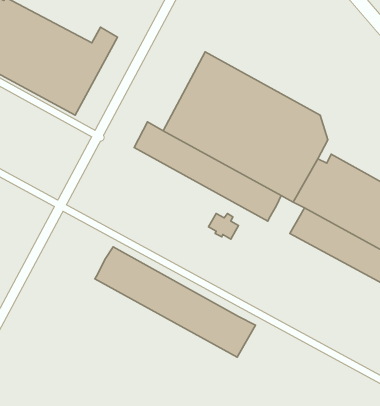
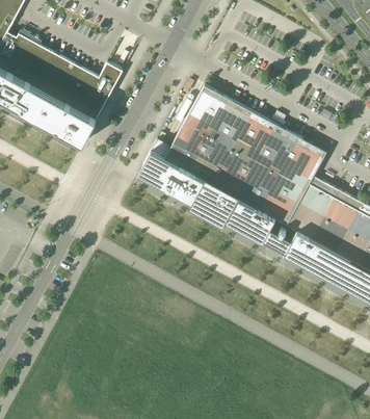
building: [208,213,239,239] -> [263,229,291,253]
building: [95,247,256,357] -> none

